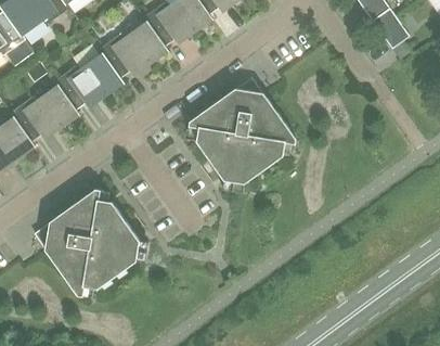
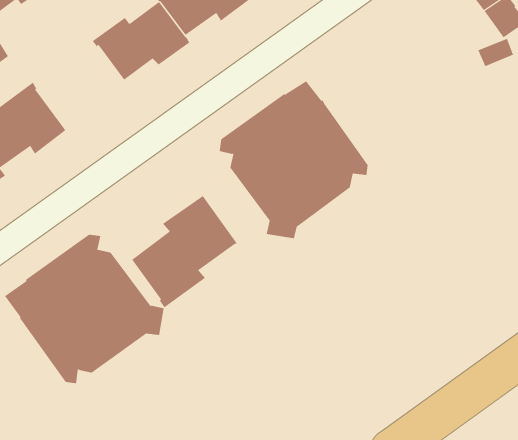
building: [57,53,124,110] -> none
building: none -> [131,195,237,308]

